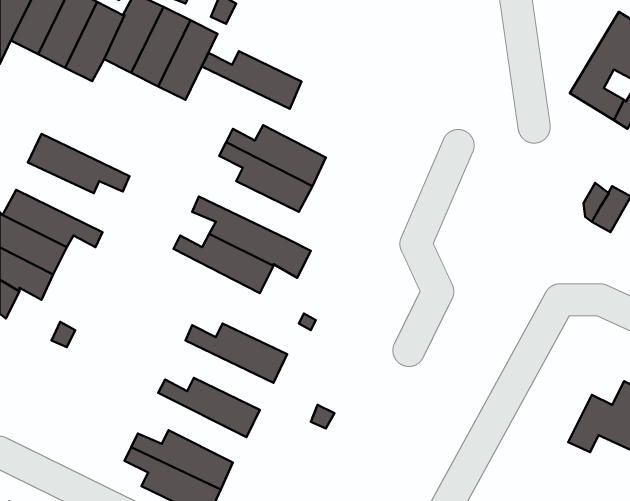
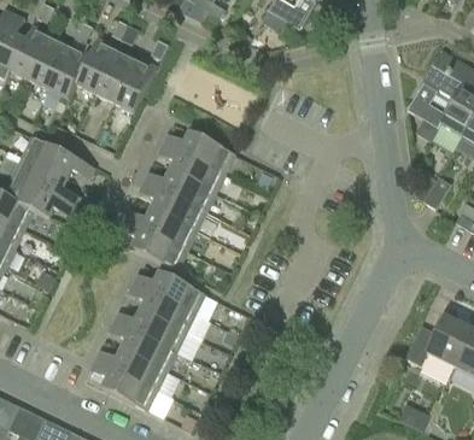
building: [202,51,302,109] -> [142,171,213,212]
building: none -> [12,158,78,207]
building: none -> [118,219,186,270]
building: none -> [127,284,195,334]
building: none -> [109,322,176,371]

